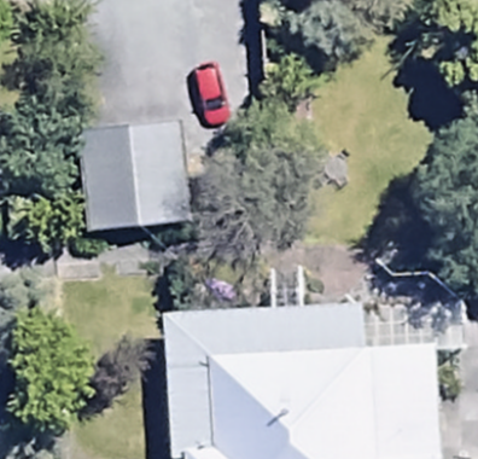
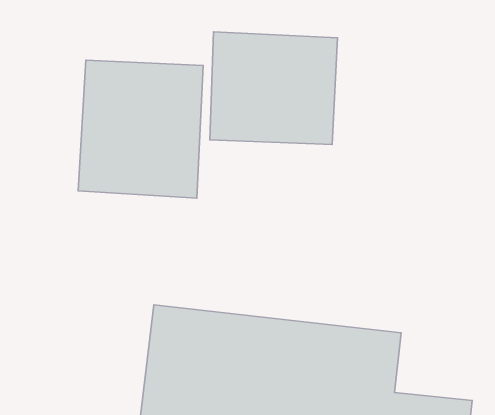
building: none -> [210,32,337,144]

